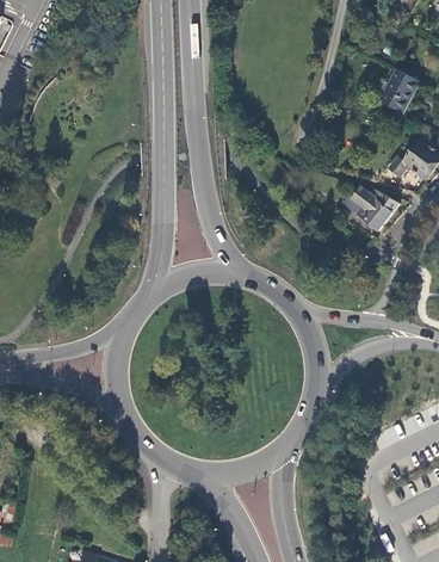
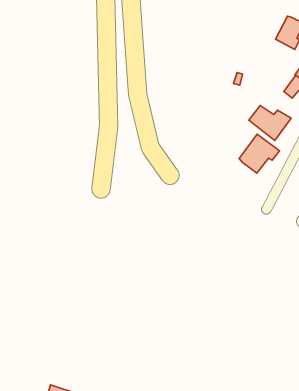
building: none -> [239,134,279,173]

